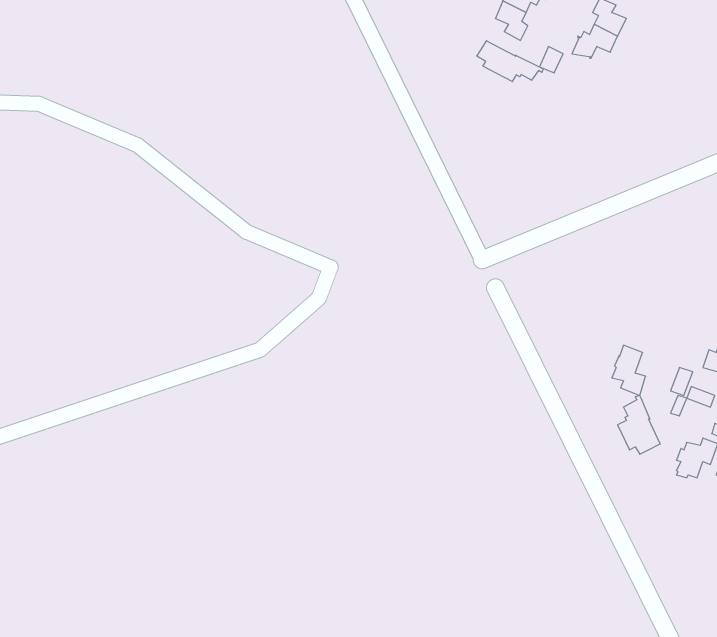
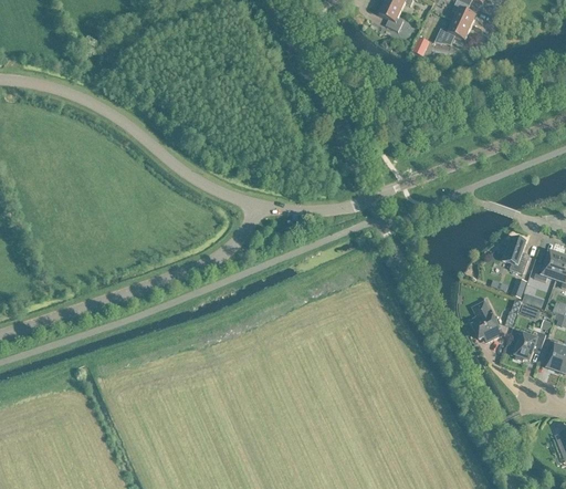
building: [477,41,543,82] -> none
building: [612,345,646,395] -> [503,237,528,274]

